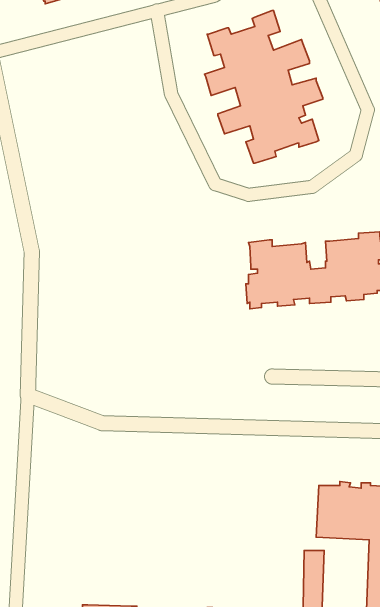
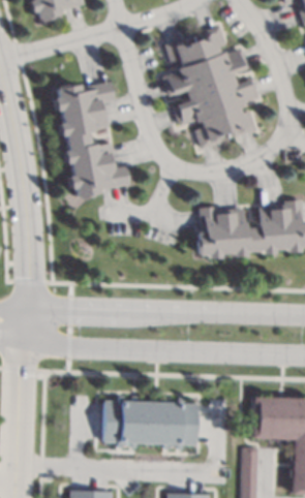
building: none -> [57,82,130,198]
building: none -> [102,395,197,448]

